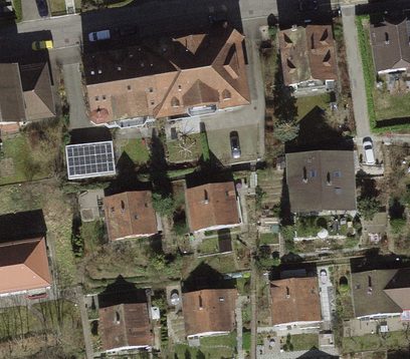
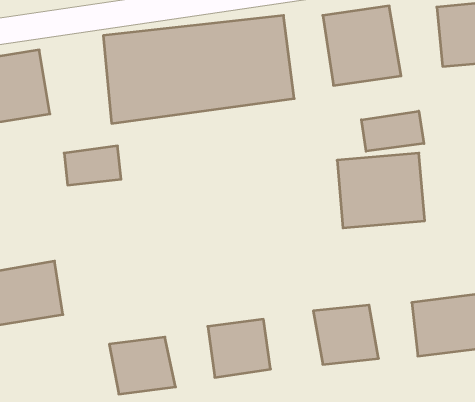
building: none -> [361,111,424,151]
building: [186,181,239,233] -> none
building: [104,188,158,241] -> none

